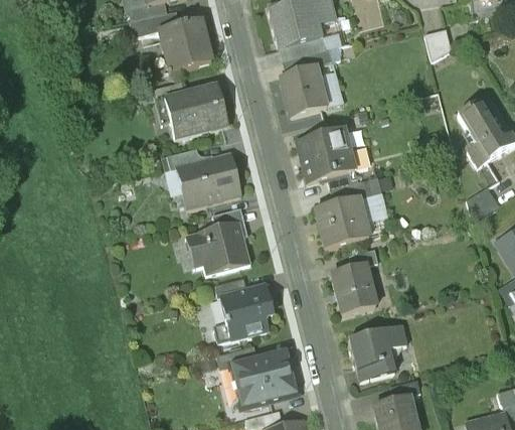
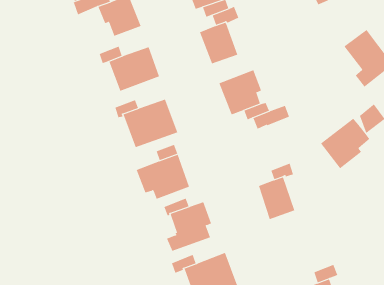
building: [317,198,363,248] -> none
building: none -> [320,118,370,169]
building: [349,325,406,382] -> none

